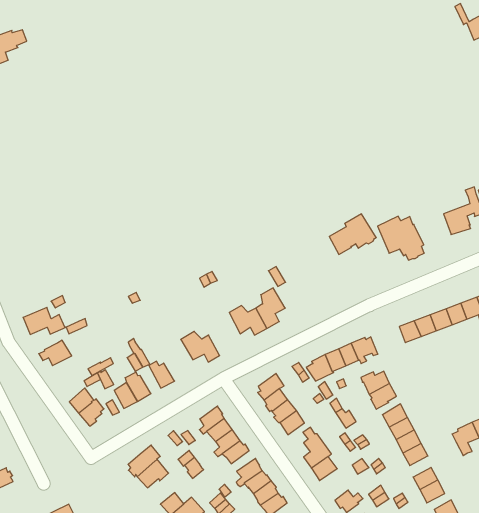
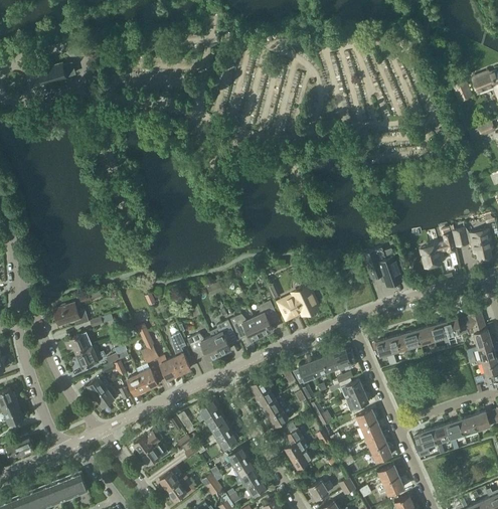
building: [329,214,376,254] -> [280,286,320,319]
building: none -> [210,320,237,355]
building: none -> [172,333,191,374]
building: none -> [75,344,107,368]

